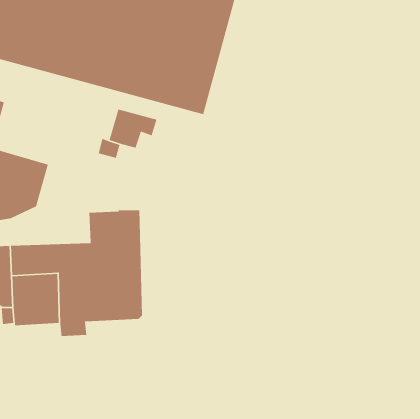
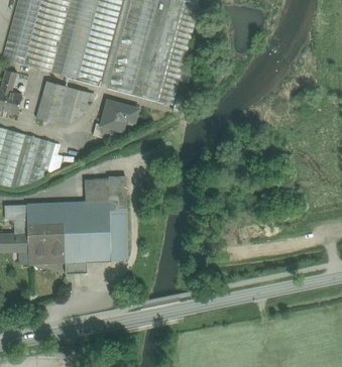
building: none -> [35,81,89,126]

